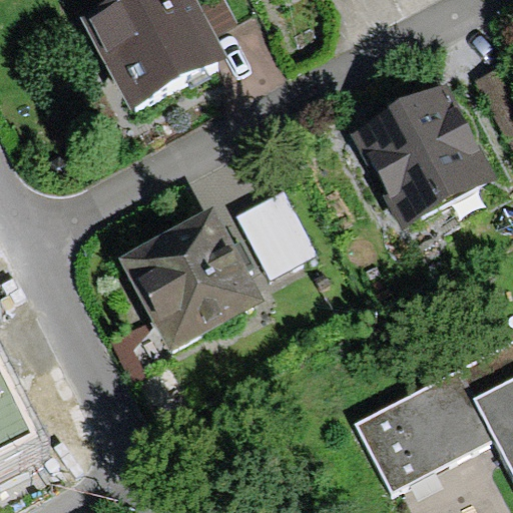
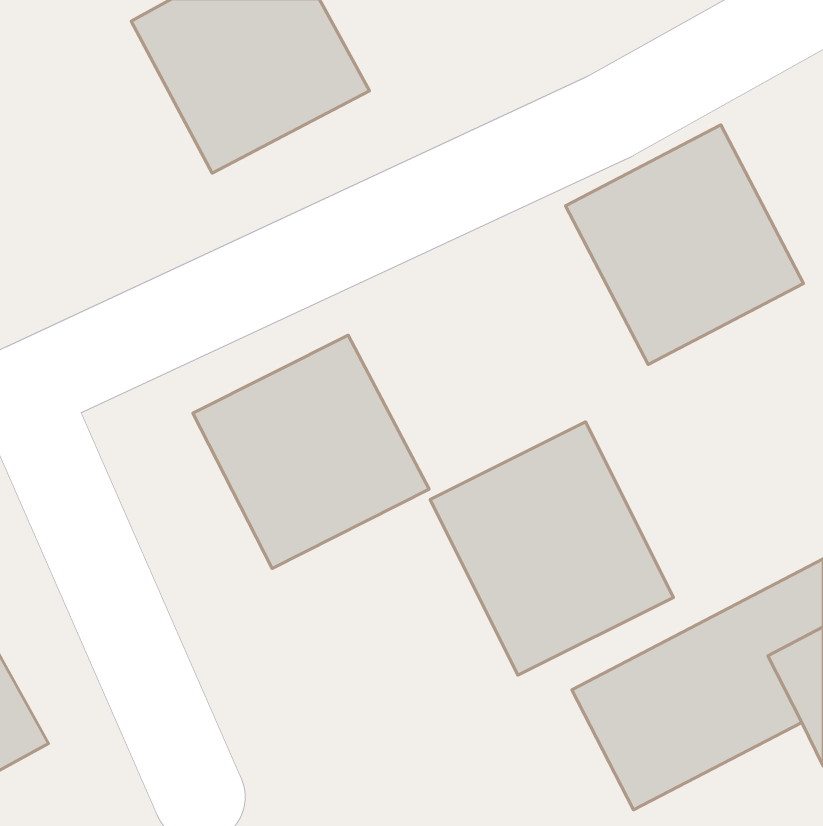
building: [237,195,311,277] -> none
building: none -> [430,422,673,675]

